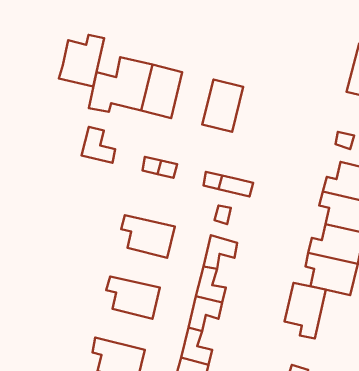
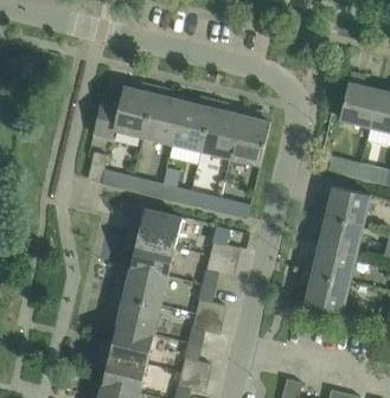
building: [59,35,104,86] -> none
building: none -> [172,101,212,150]
building: none -> [230,115,270,166]
building: none -> [128,206,183,248]
building: none -> [114,268,168,306]
building: [285,283,326,338] -> none
building: none -> [100,326,154,365]

